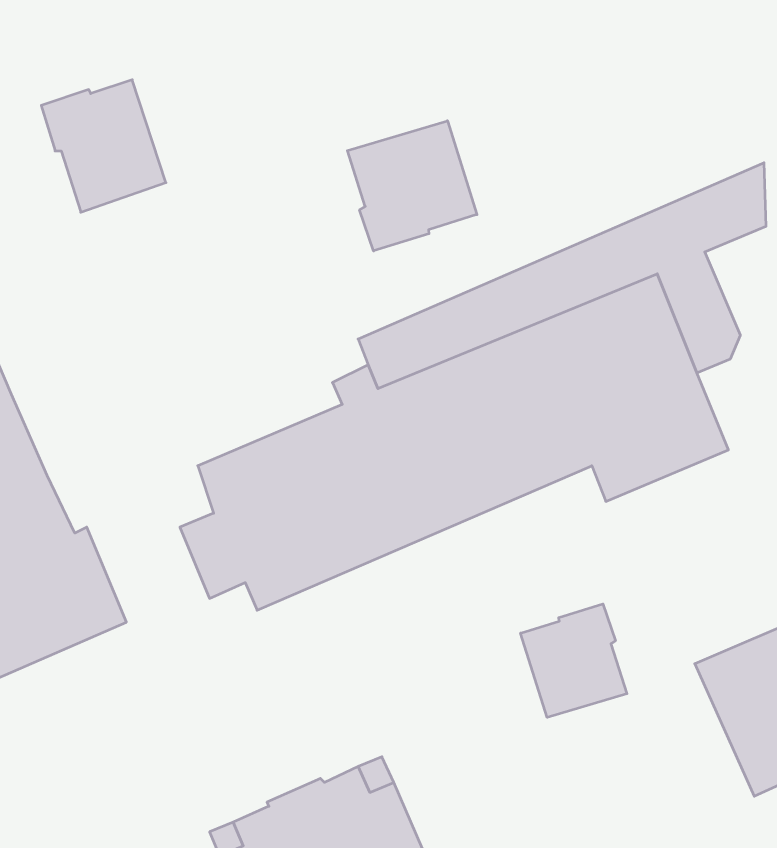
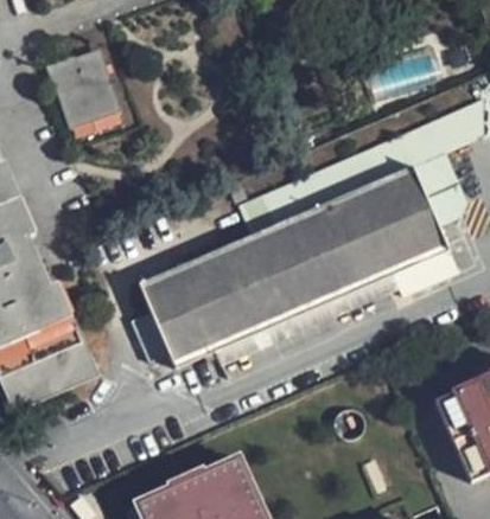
building: [347,121,477,251] -> none
building: [521,604,627,717] -> none

